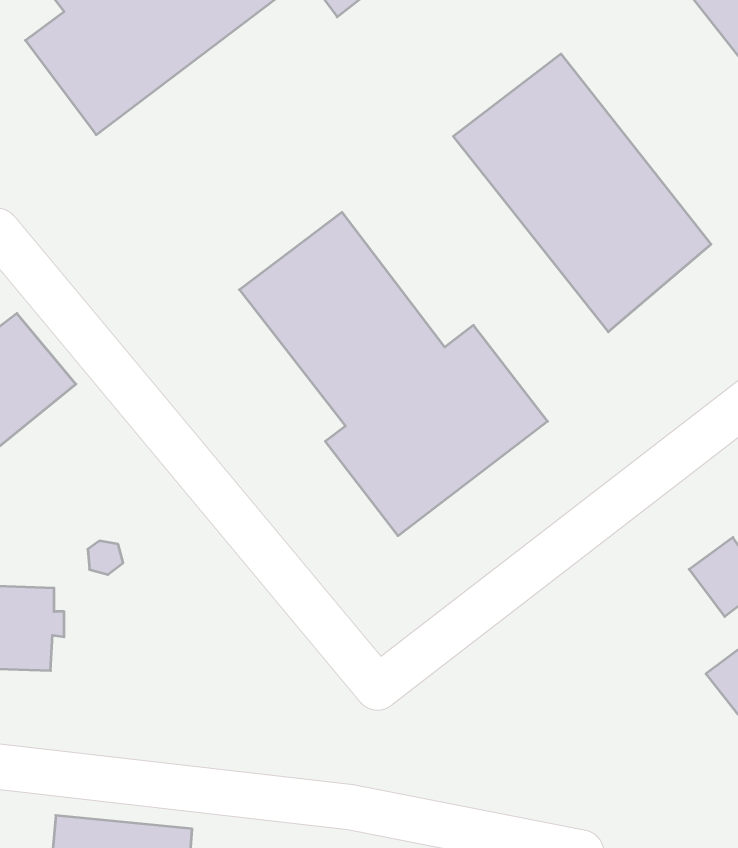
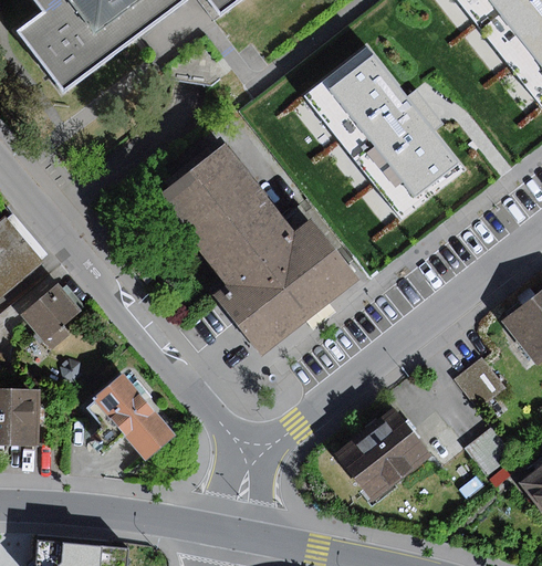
building: none -> [22,281,85,348]
building: none -> [88,374,178,462]
building: none -> [334,407,430,500]

